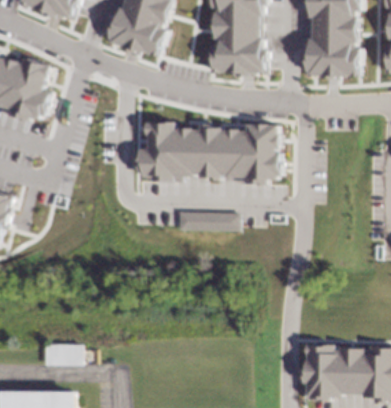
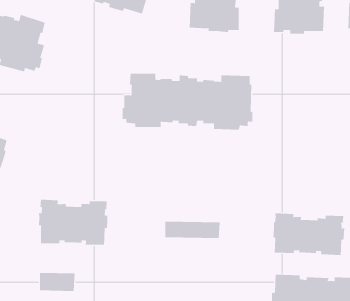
building: [173,211,235,230] -> [164,221,221,238]
building: none -> [38,199,108,245]
building: none -> [273,213,345,256]

